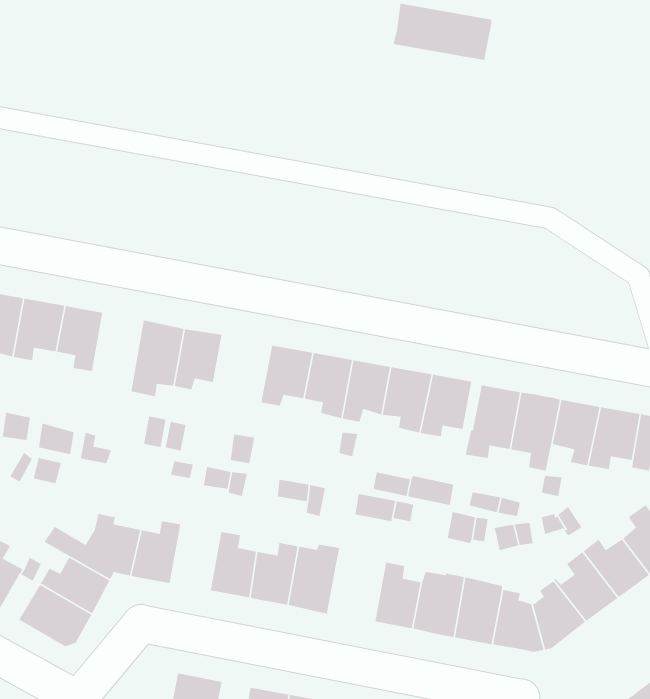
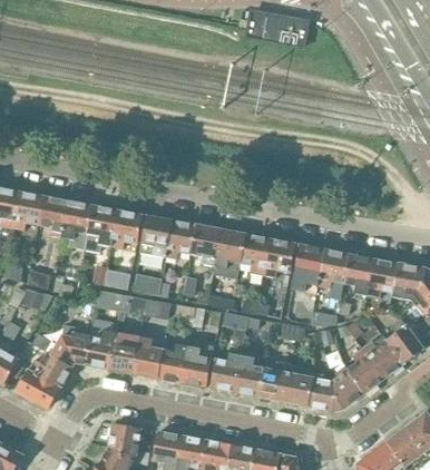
building: none -> [61,200,92,249]
building: none -> [139,216,172,256]
building: none -> [109,331,140,372]
building: none -> [211,352,242,391]

